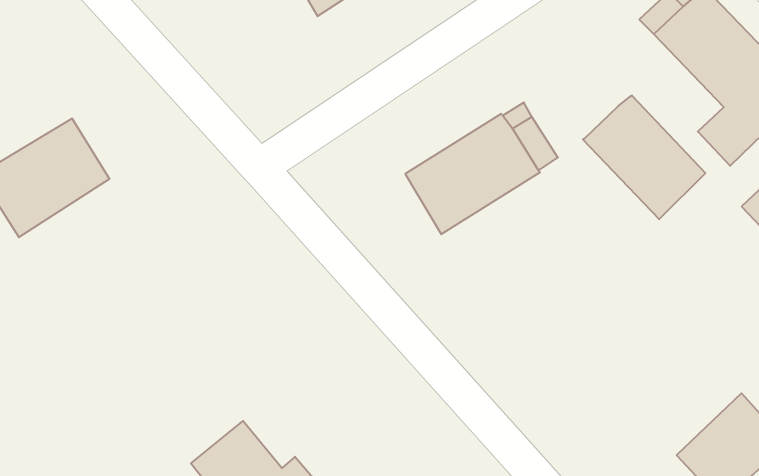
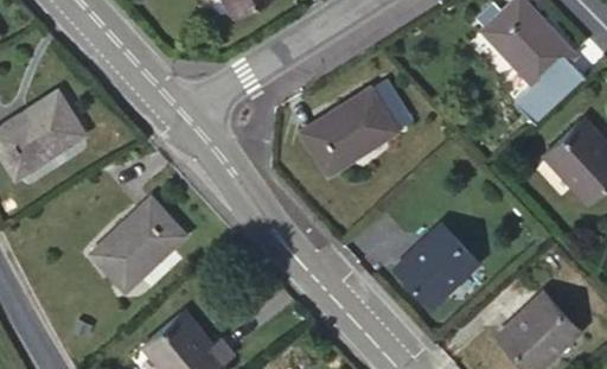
building: [583,95,705,219] -> none
building: none -> [91,199,183,291]
building: none -> [396,225,477,306]

